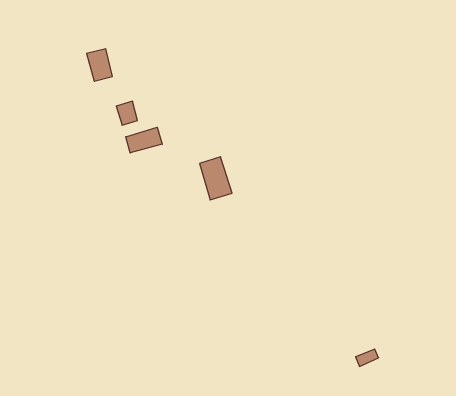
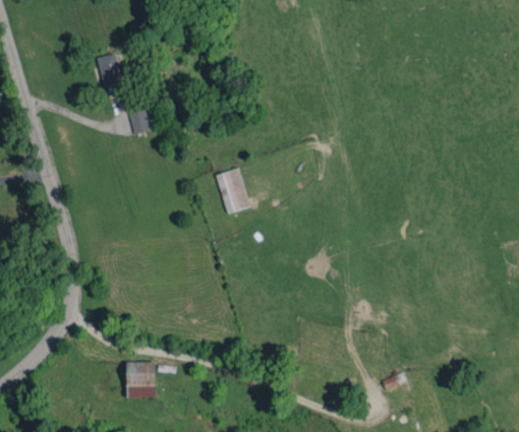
building: [126,127,162,153] -> none
building: none -> [126,362,156,397]

